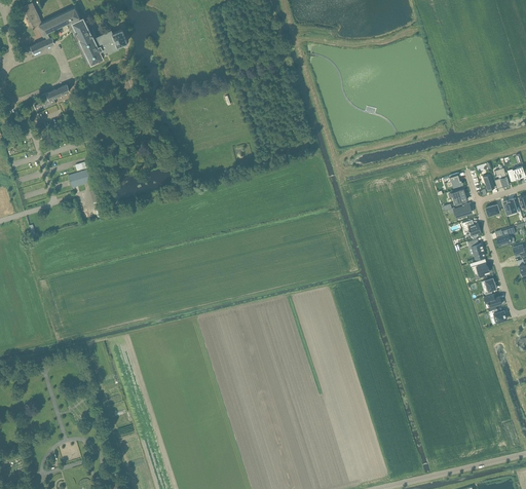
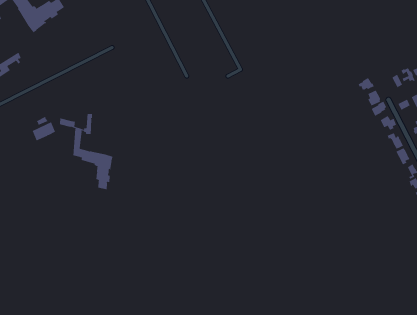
building: none -> [59,113,113,190]

